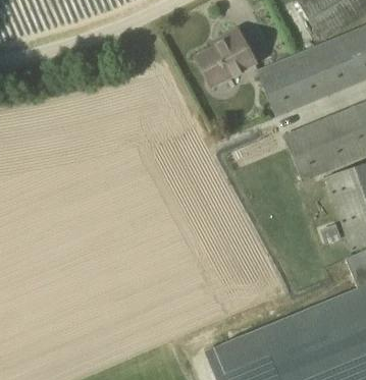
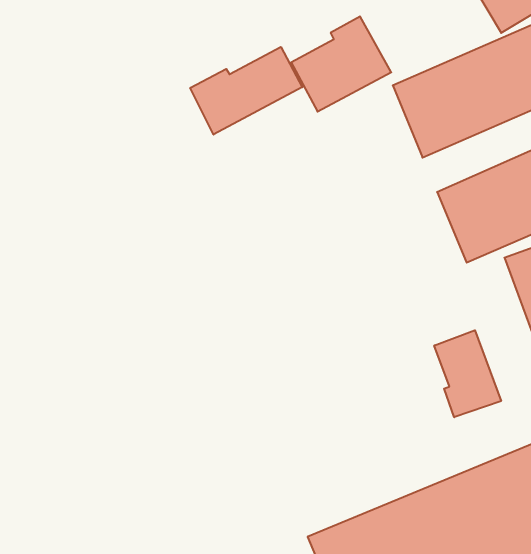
building: none -> [190,47,302,135]
building: none -> [434,330,501,417]

